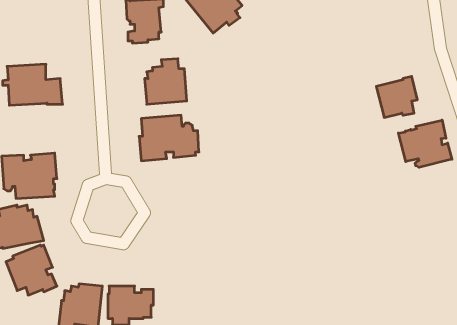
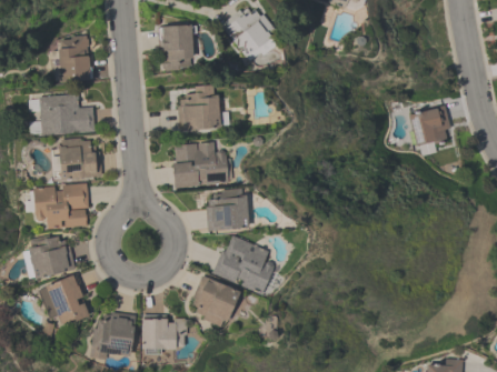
building: none -> [52,33,95,80]
building: none -> [53,137,102,177]
building: [398,120,452,167] -> none
building: none -> [206,188,250,230]
building: none -> [213,234,276,293]
building: none -> [193,274,240,325]

